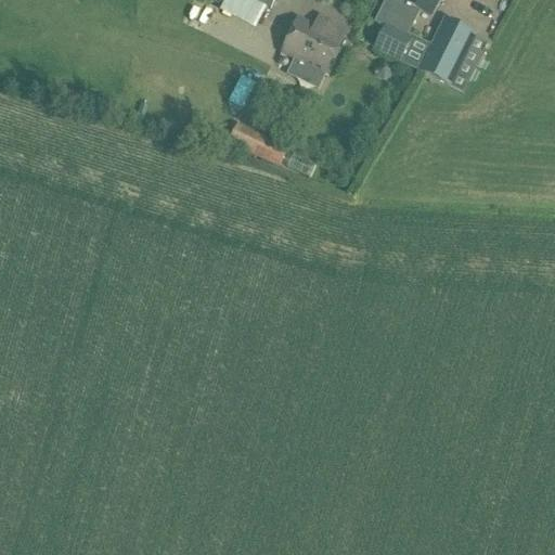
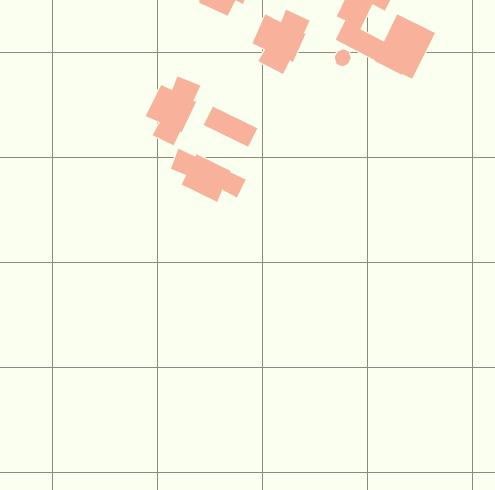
building: none -> [145,76,201,146]
building: none -> [170,148,246,203]

